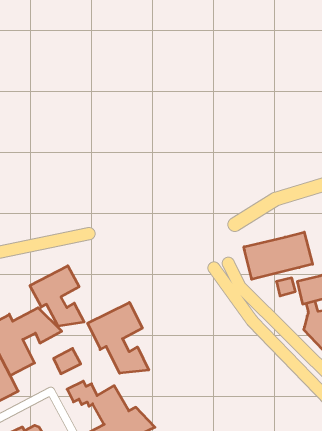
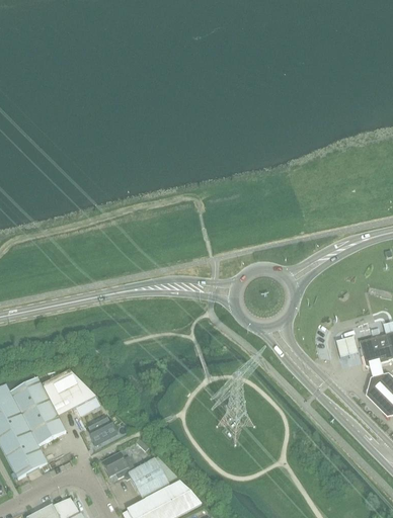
building: [244,232,313,279] -> none
building: [30,266,84,326] -> none
building: [88,302,149,373] -> none

